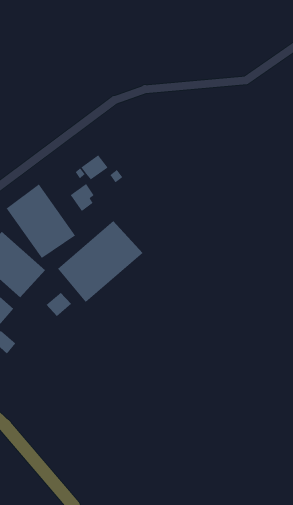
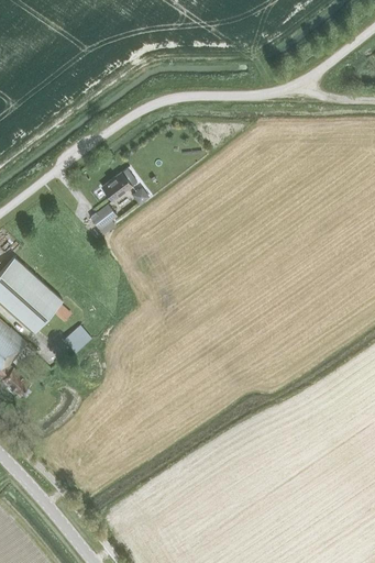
building: [6,184,76,259] -> none
building: [57,220,143,303] -> none

